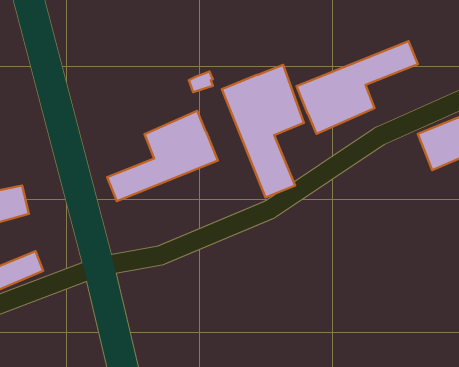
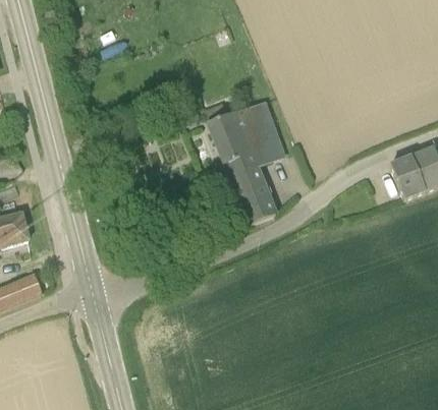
building: [297,41,418,134] -> none
building: [107,111,218,201] -> none

